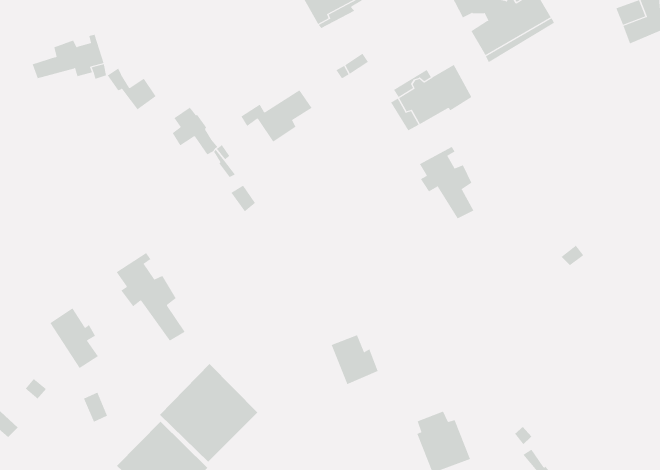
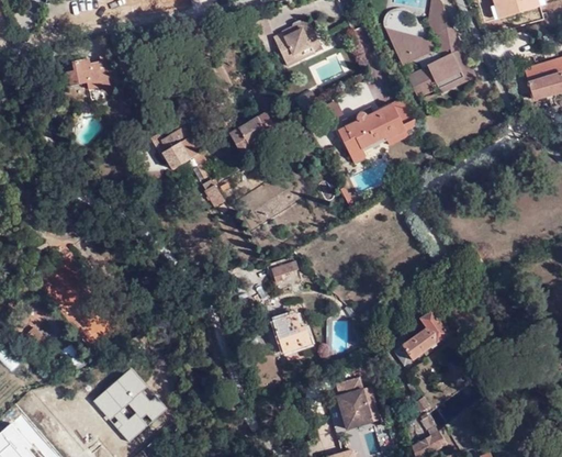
building: [107,68,157,110] -> [148,133,187,168]
building: [419,146,474,219] -> none
building: [116,252,185,342] -> none
building: none -> [266,256,297,282]
building: none -> [392,309,450,366]
building: [159,363,258,463] -> none

